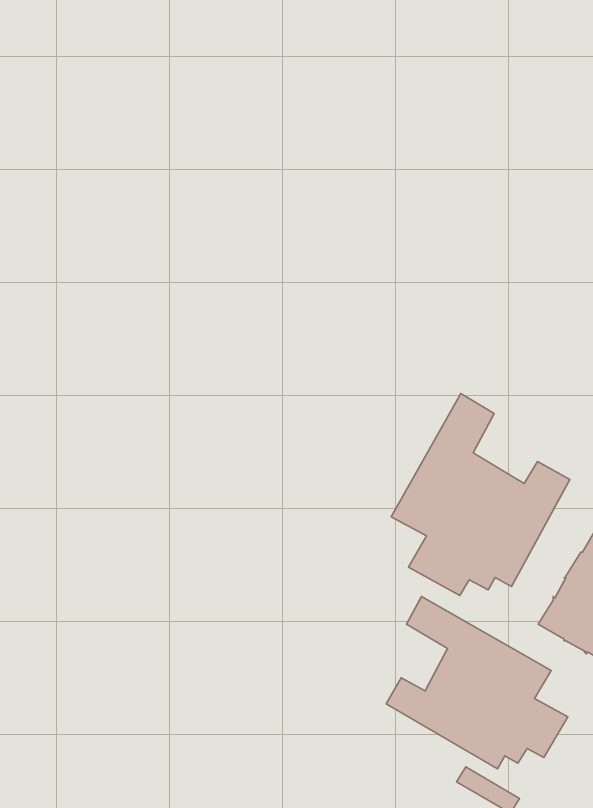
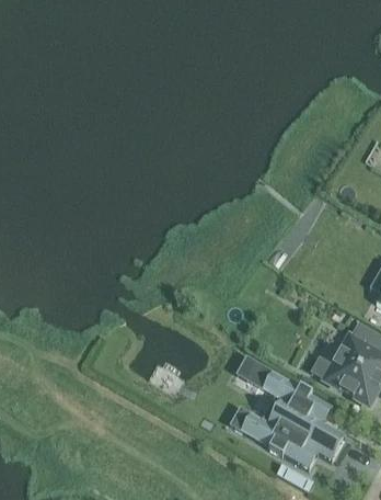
building: [391,393,570,595] -> none

